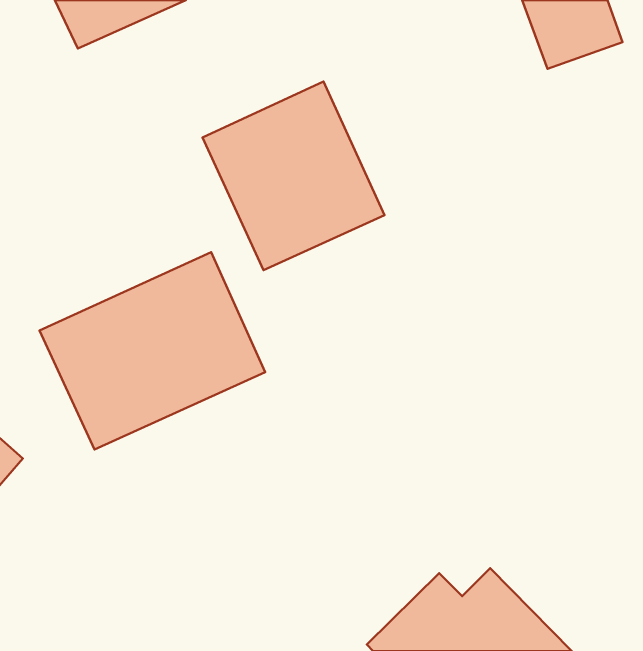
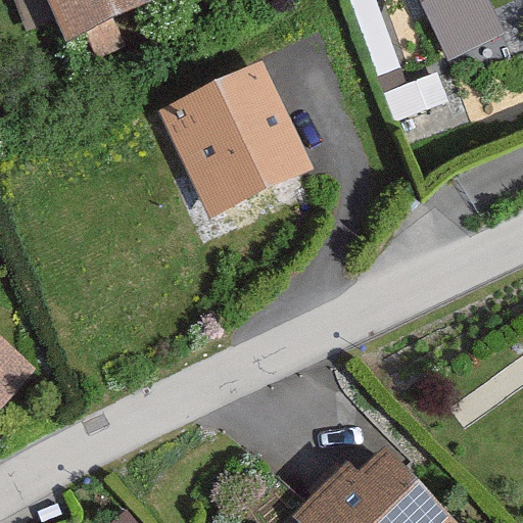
building: [40,252,265,449] -> none

